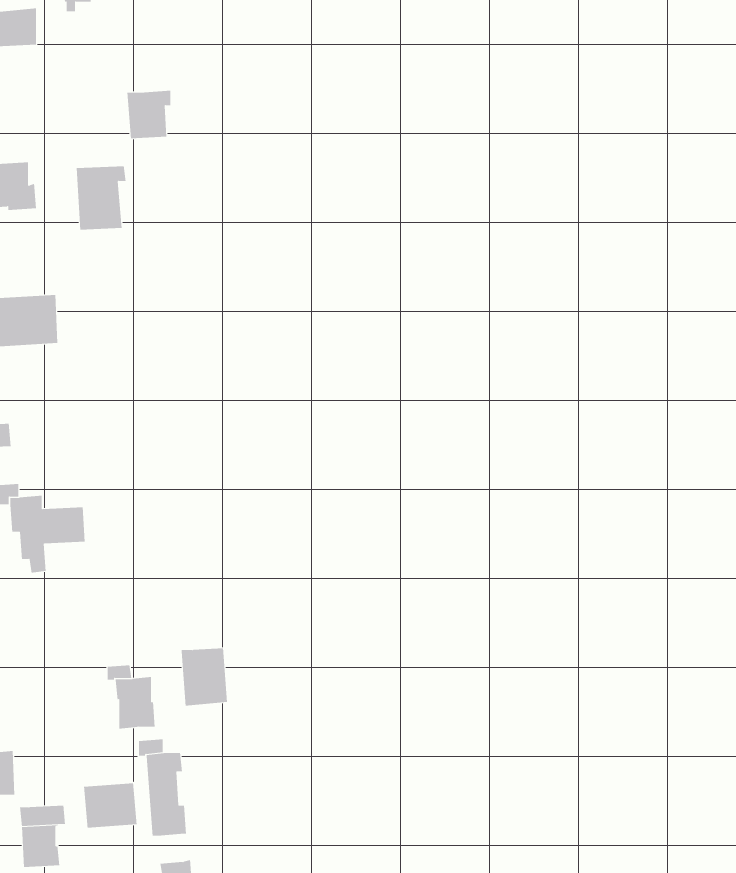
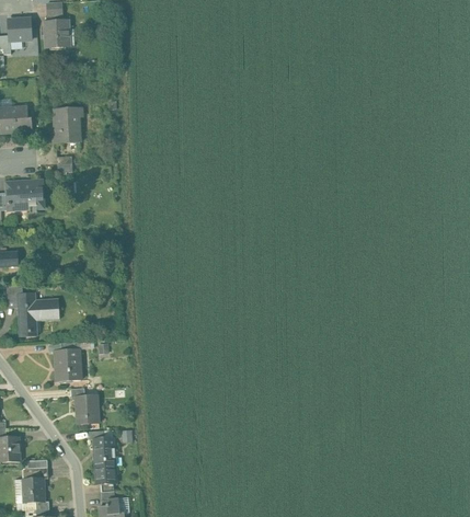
building: [126,90,171,139] -> [44,20,69,47]
building: [181,648,228,706] -> [55,348,81,381]
building: [83,782,137,829] -> none

